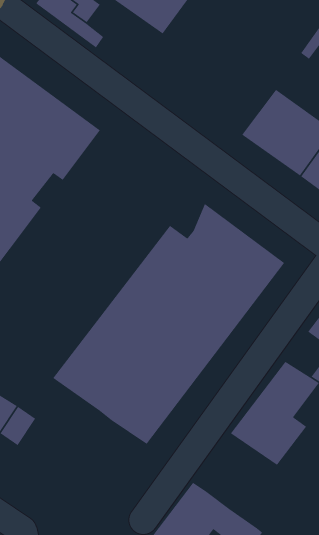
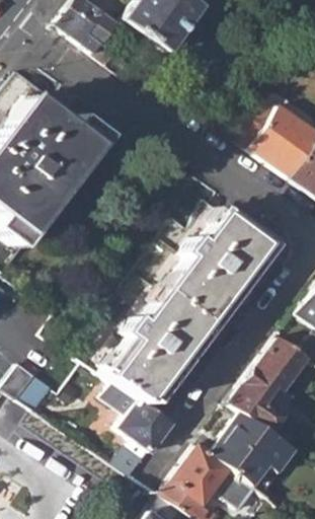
building: none -> [105,382,173,473]
building: none -> [210,410,298,485]

